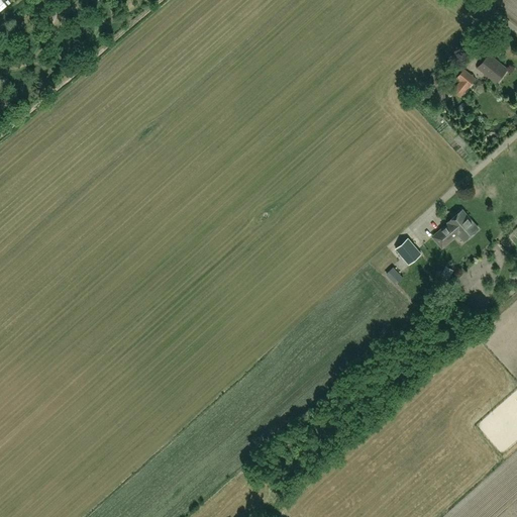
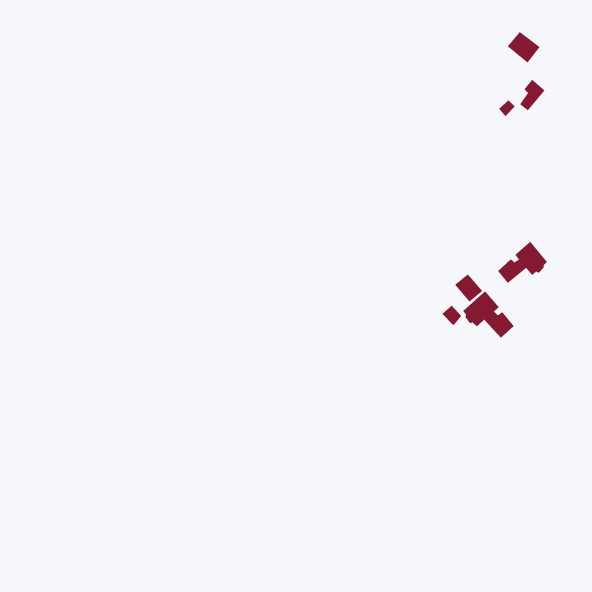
building: [478,55,507,83] -> [507,31,540,64]
building: none -> [462,291,514,338]

